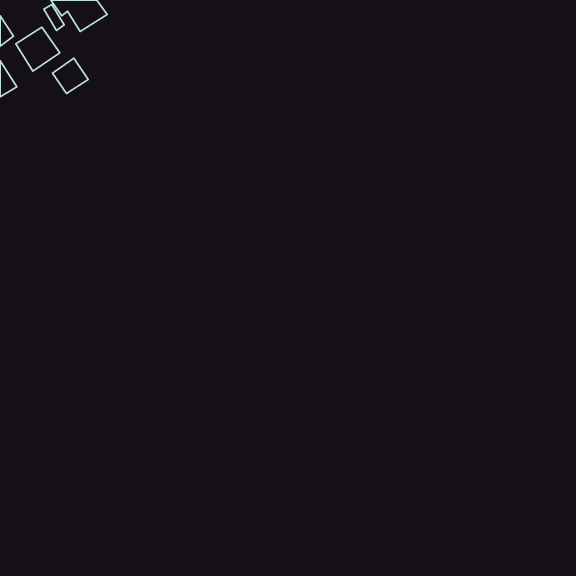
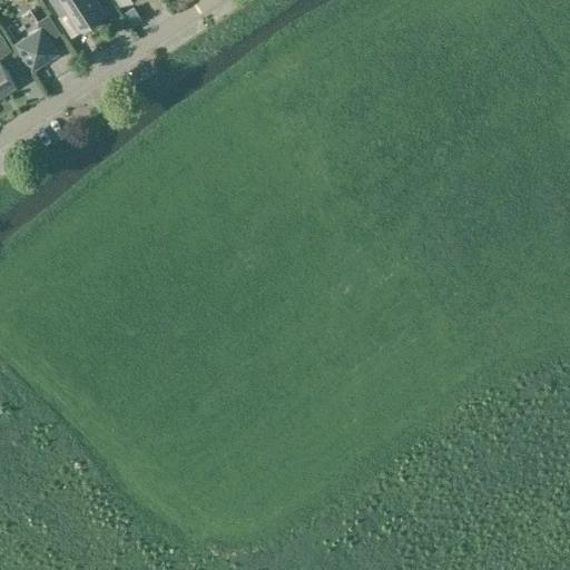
building: [52,58,88,94] -> none

